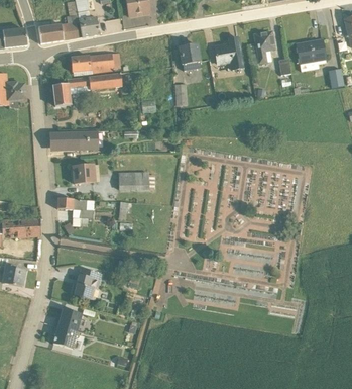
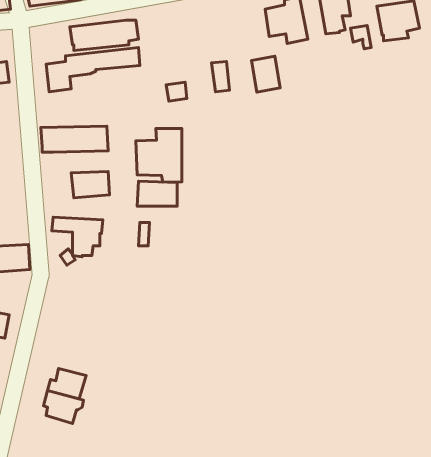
building: [179,43,200,70] -> [251,56,280,92]
building: none -> [136,128,182,182]
building: [71,268,101,300] -> none

